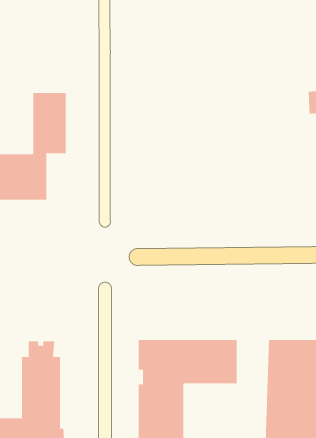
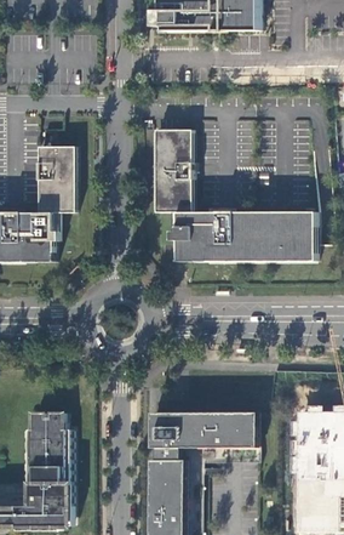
building: none -> [154,129,316,262]

